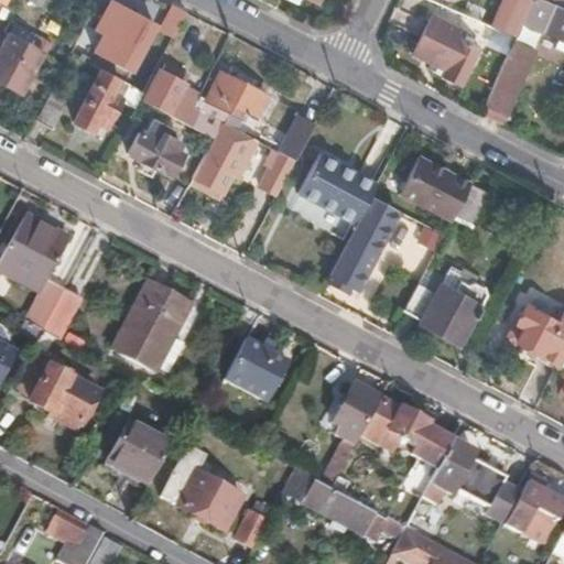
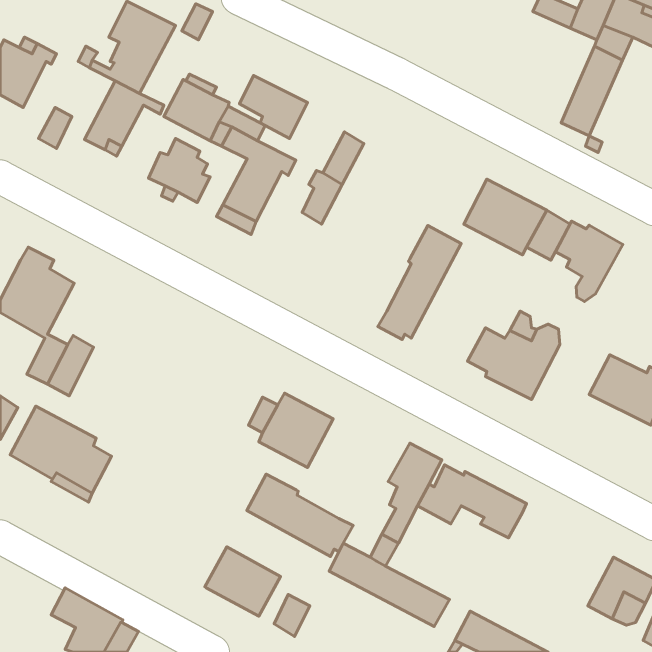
building: [414,14,479,83] -> none
building: [299,154,376,223] -> none
building: none -> [555,221,623,301]
building: [112,283,202,378] -> none
building: none -> [247,474,353,556]
building: [108,421,171,482] -> none
building: [423,441,520,521] -> none

